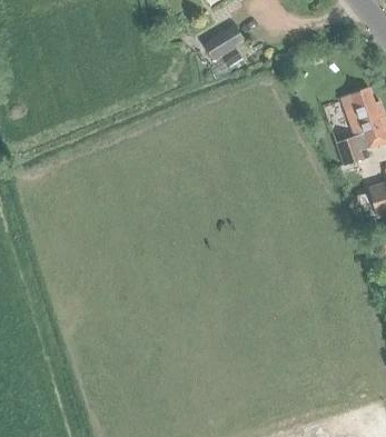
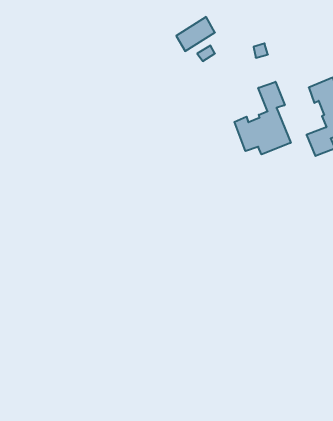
building: none -> [234,82,291,154]

